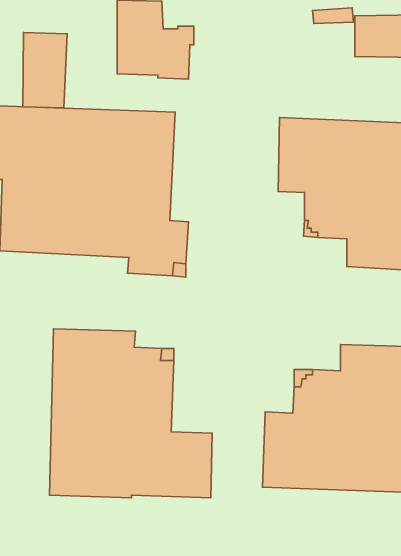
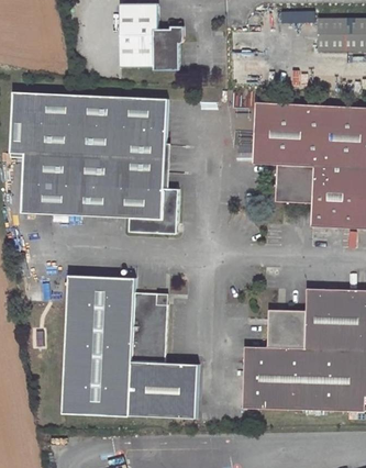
building: [23,32,67,108] -> none

